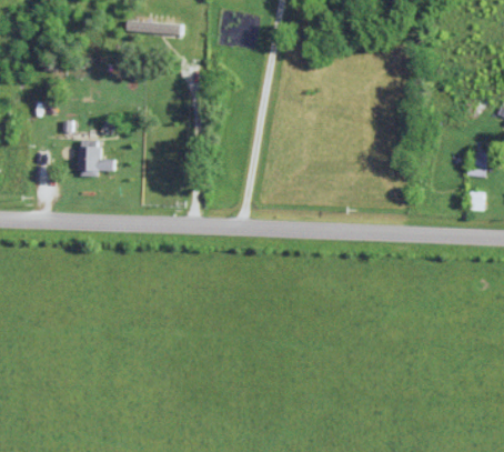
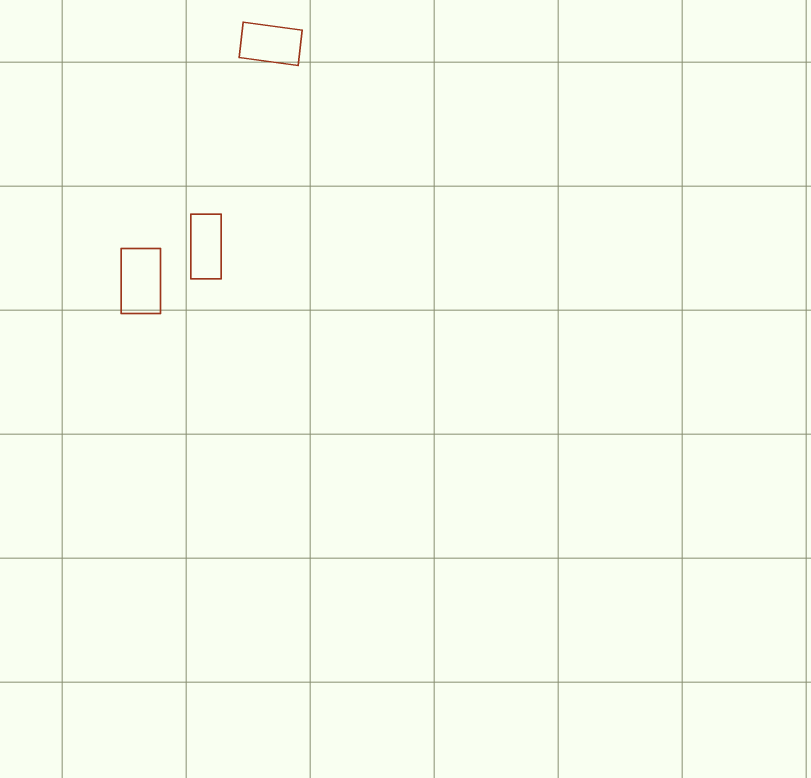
building: none -> [191,214,221,279]

